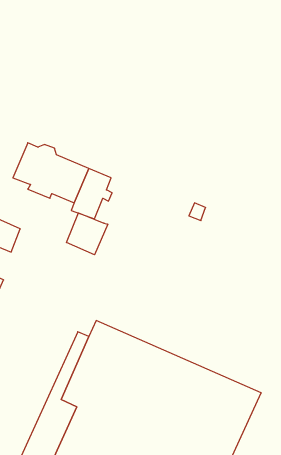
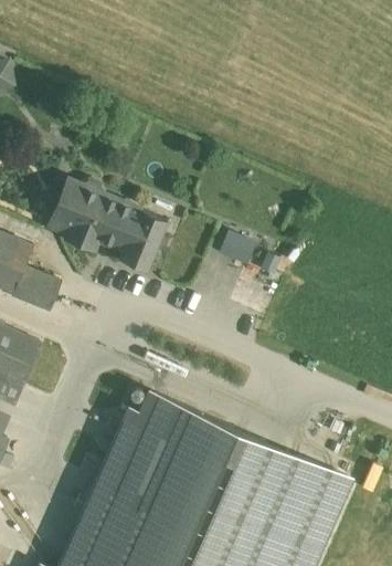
building: none -> [220,229,258,264]
building: [67,213,108,255] -> none

